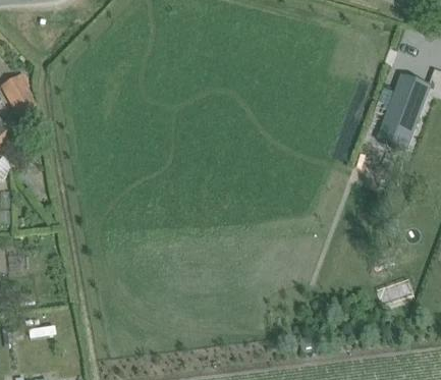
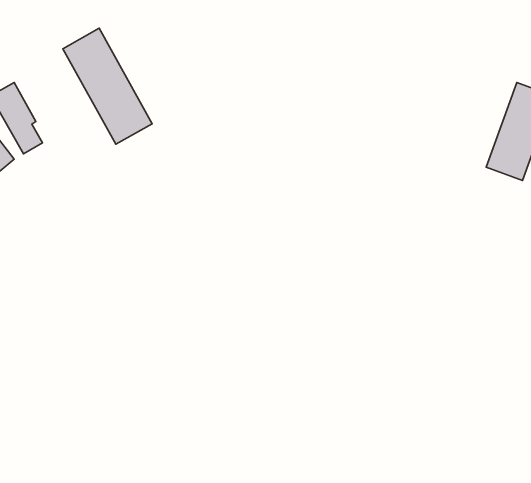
building: none -> [63,28,152,144]

